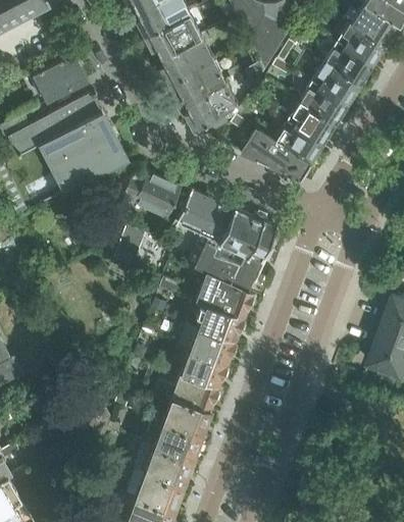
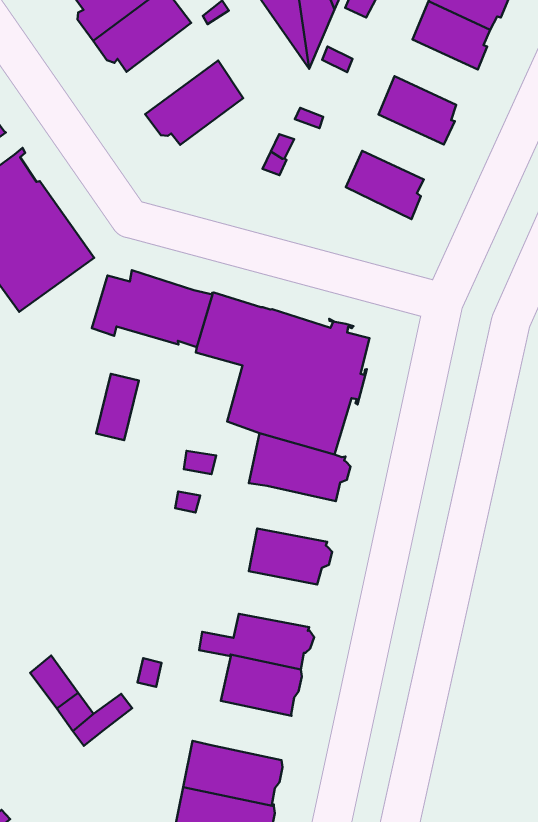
building: [160,35,213,83] -> none
building: [312,62,360,103] -> none
building: [185,82,237,128] -> none
building: [288,102,335,143] -> none
building: [241,128,310,178] -> none
building: [197,304,246,341] -> none
building: [180,351,229,387] -> none
building: [141,418,201,461] -> none

